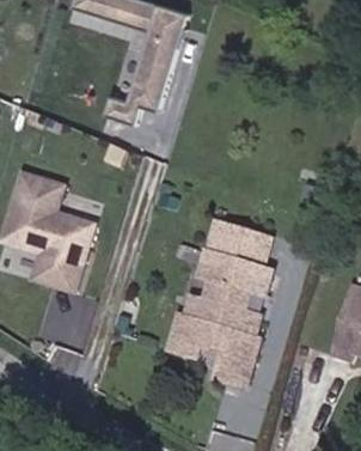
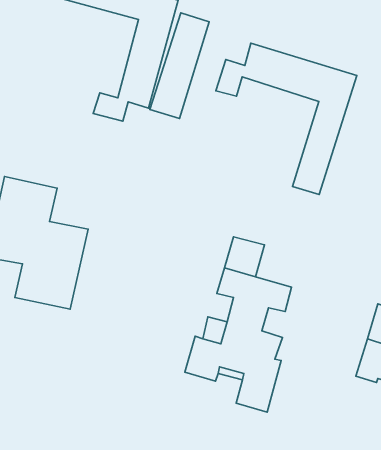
building: none -> [216,43,357,194]

